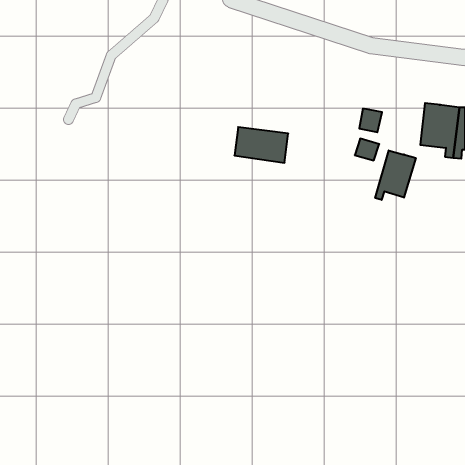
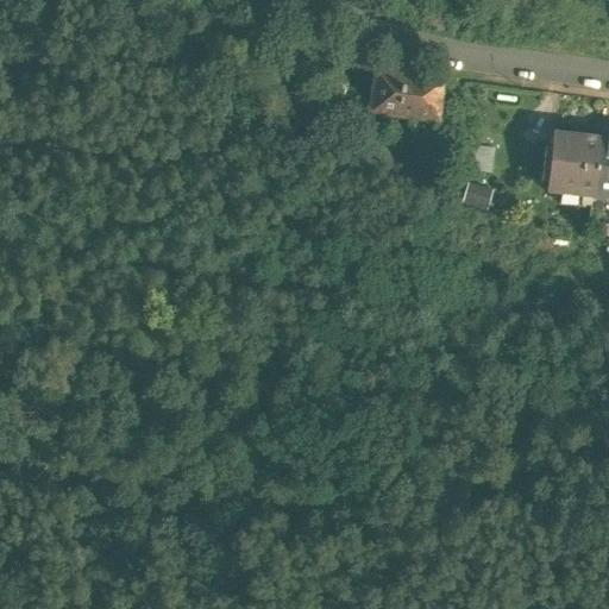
building: [234,127,288,163] -> [372,73,442,119]
building: [375,150,416,200] -> none

